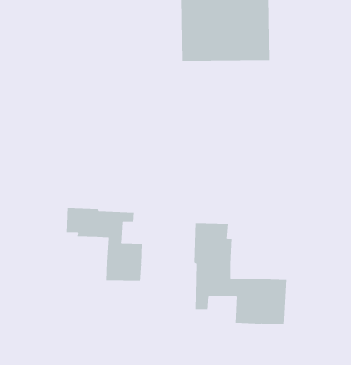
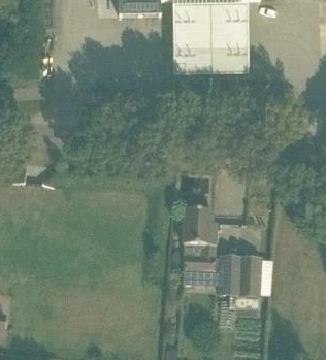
building: [66,207,142,281] -> none

